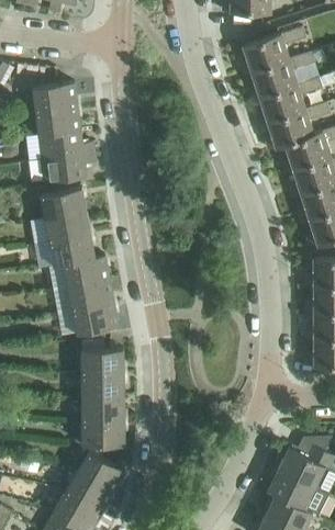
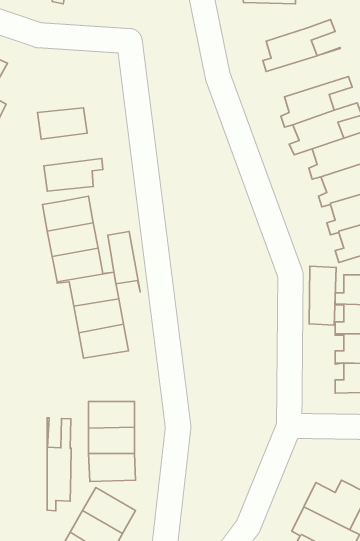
building: [243,54,317,100] -> none
building: [32,83,77,112] -> none
building: [38,131,93,160] -> none
building: none -> [108,232,140,292]
building: none -> [309,266,336,325]
building: [80,350,123,374] -> none
building: none -> [47,418,71,511]

